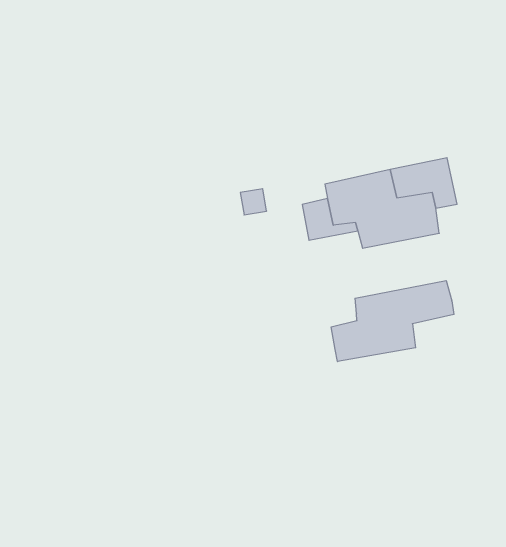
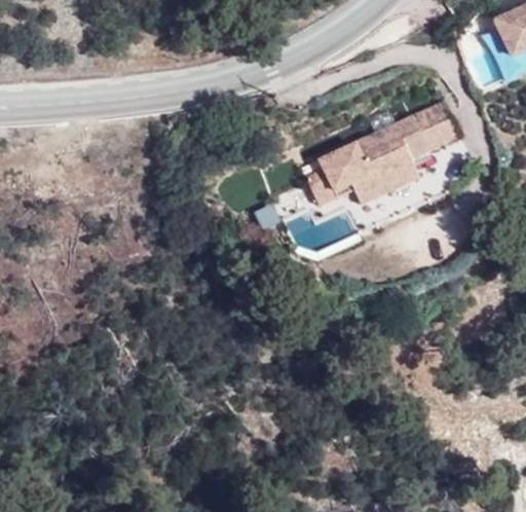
building: none -> [402,121,447,171]
building: [331,281,454,362] -> none

